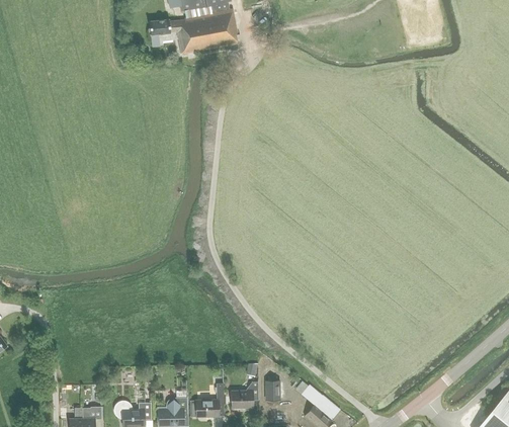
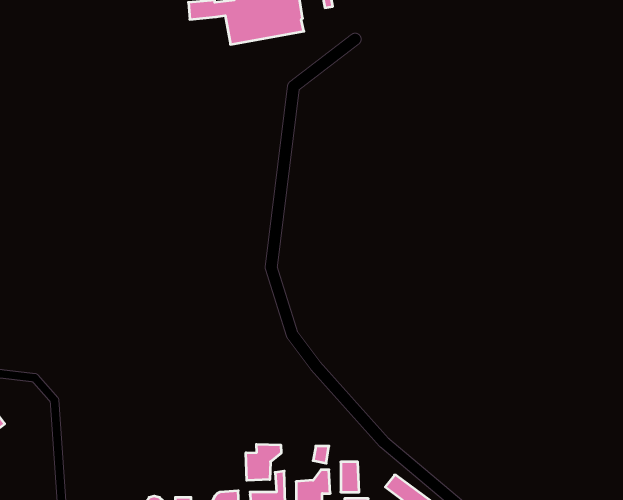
building: none -> [246,444,281,480]

